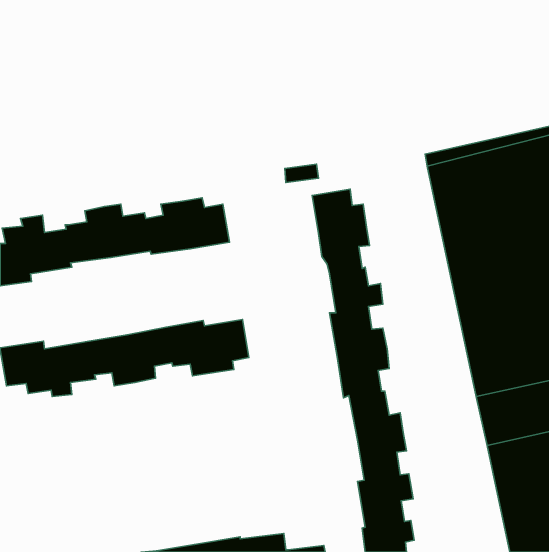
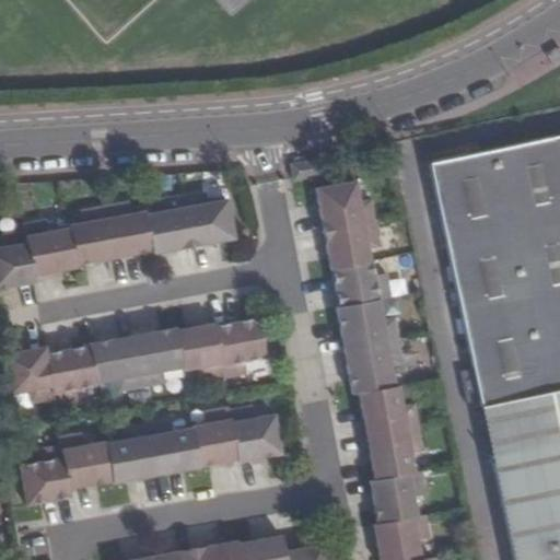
building: none -> [27,412,285,502]

